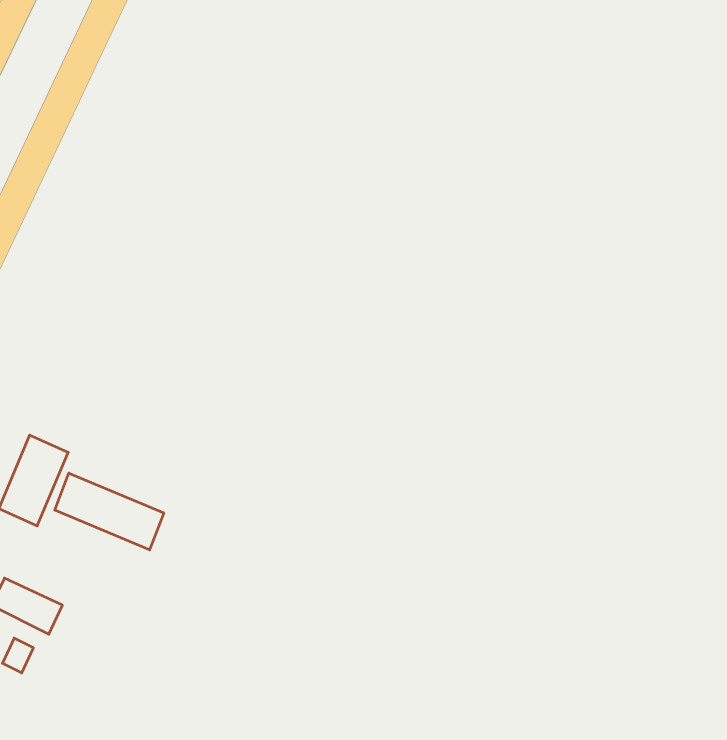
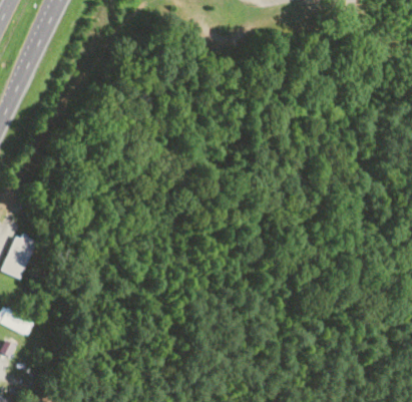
building: [55,473,164,550] -> none

